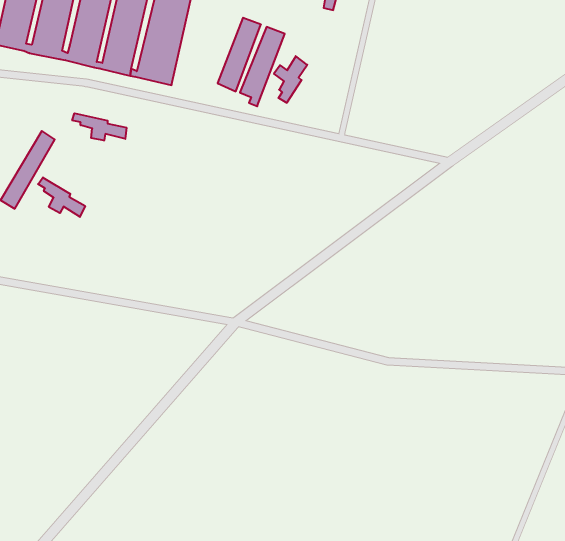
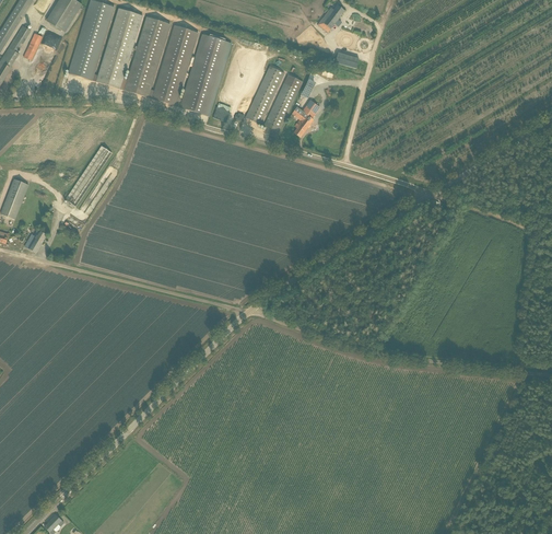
building: [72,113,126,141] -> none
building: [38,177,85,217] -> none

